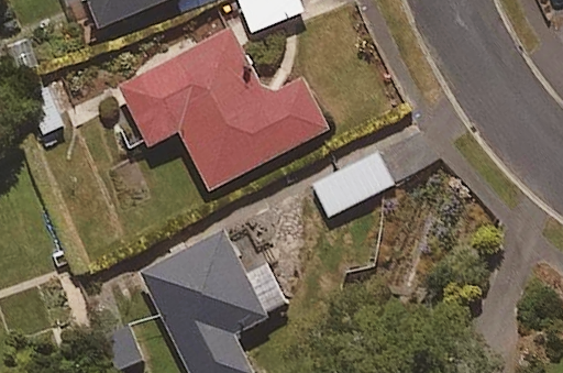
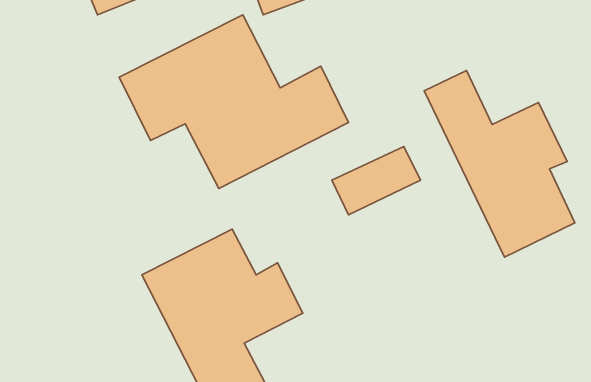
building: none -> [424,70,575,257]

